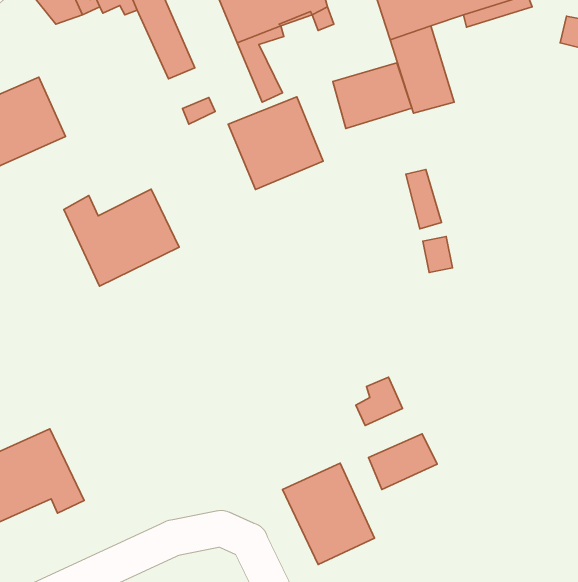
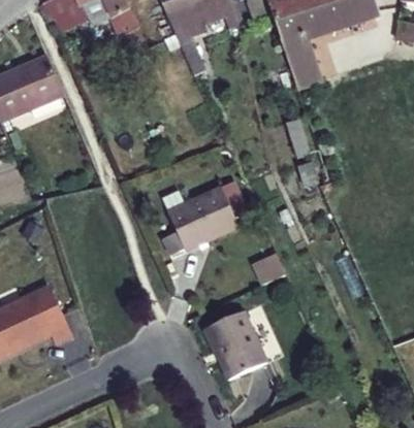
building: [333,63,412,128] -> none
building: [228,97,323,190] -> none
building: [64,189,179,286] -> [162,189,238,253]
building: [369,434,437,489] -> none

